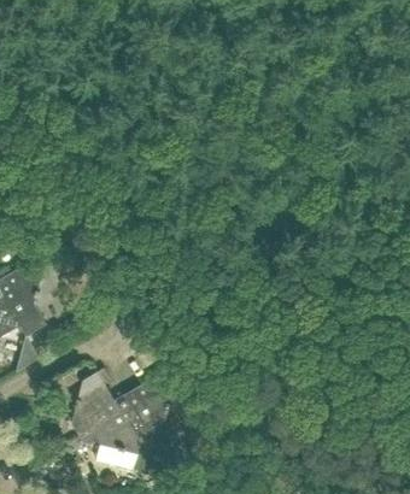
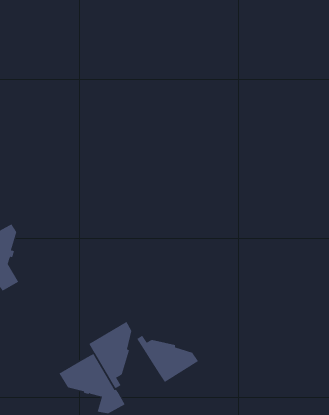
building: [69,370,116,436] -> none
building: none -> [136,335,199,383]

